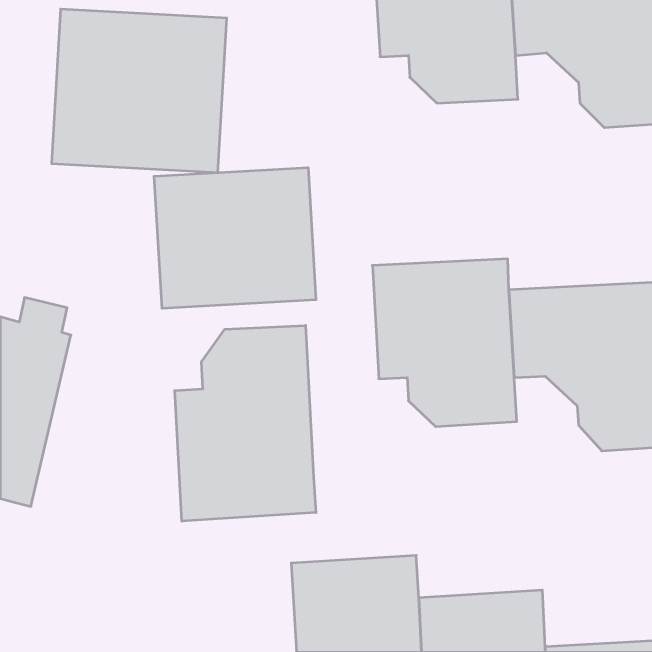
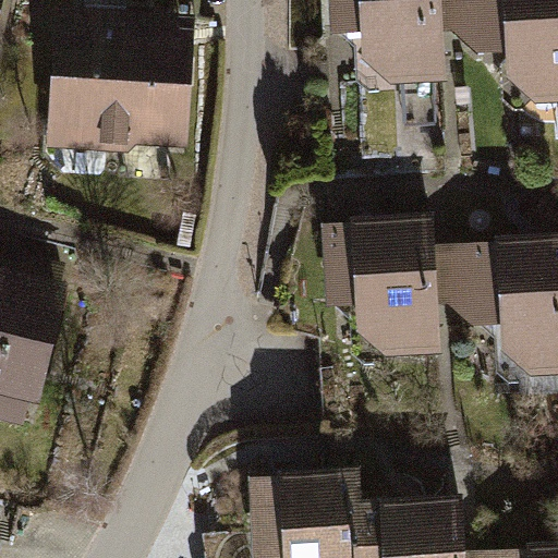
building: [154,168,316,308] -> none
building: [175,325,316,521] -> none

